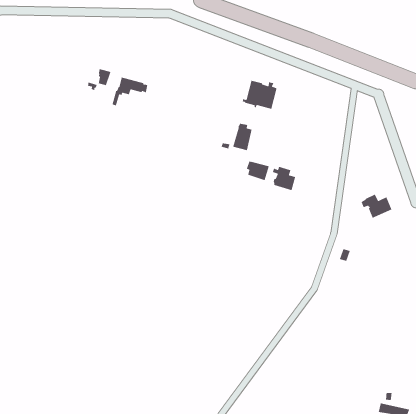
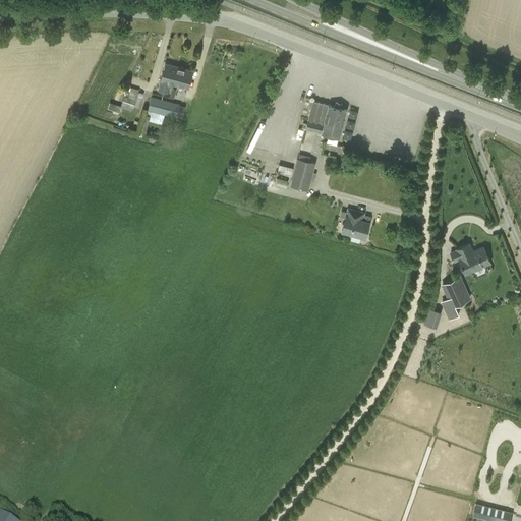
building: none -> [158,64,193,95]
building: [246,160,270,181] -> none
building: none -> [442,278,469,321]

